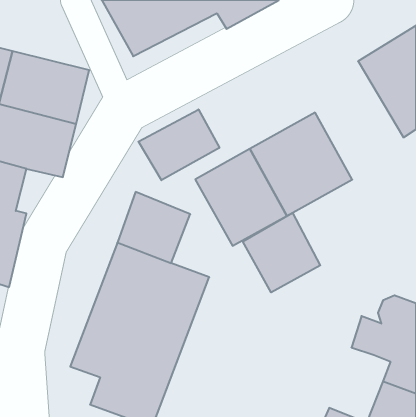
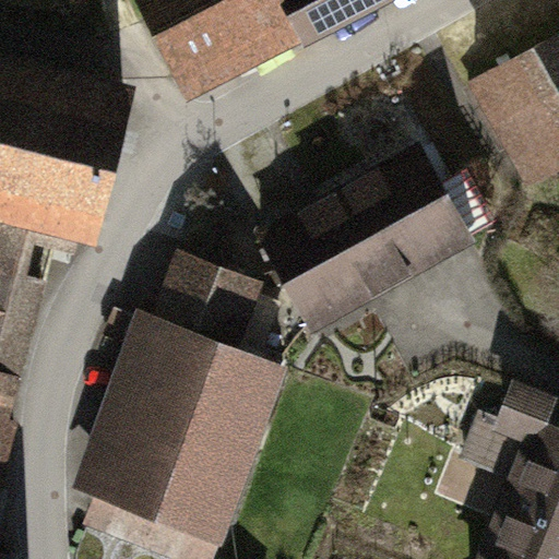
building: [138,109,219,180] -> none
building: [243,213,320,292] -> none

